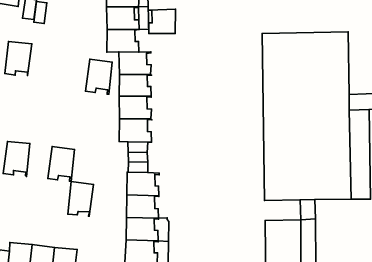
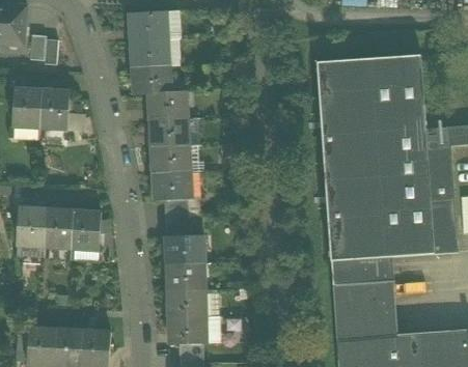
building: [149,9,175,34] -> none
building: [86,59,112,94] -> [39,89,70,130]
building: [68,181,94,216] -> [45,208,74,249]
building: none -> [331,258,376,285]

